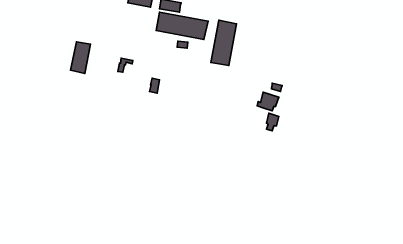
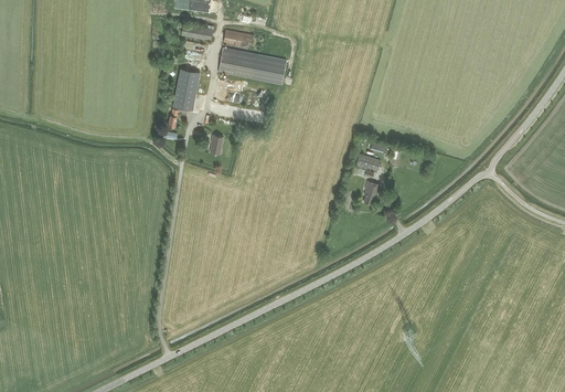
building: [211,20,237,65] -> none
building: [71,42,91,73] -> [173,67,200,109]

